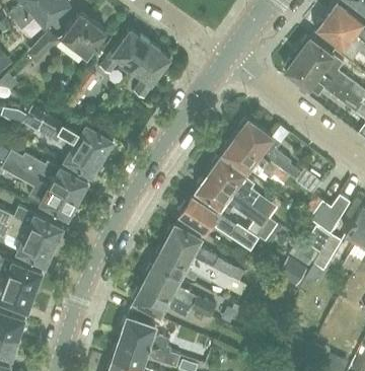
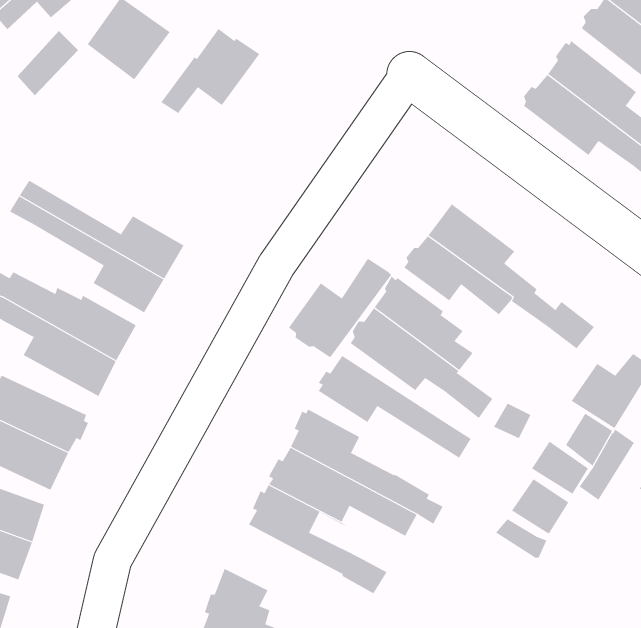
building: [132,44,170,99] -> none
building: none -> [288,258,392,358]
building: [134,283,193,319] -> none

